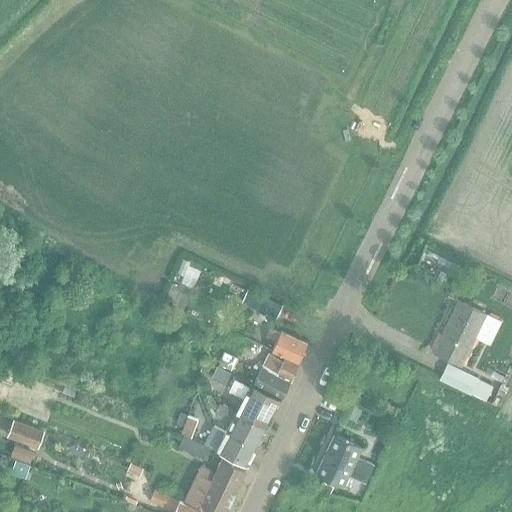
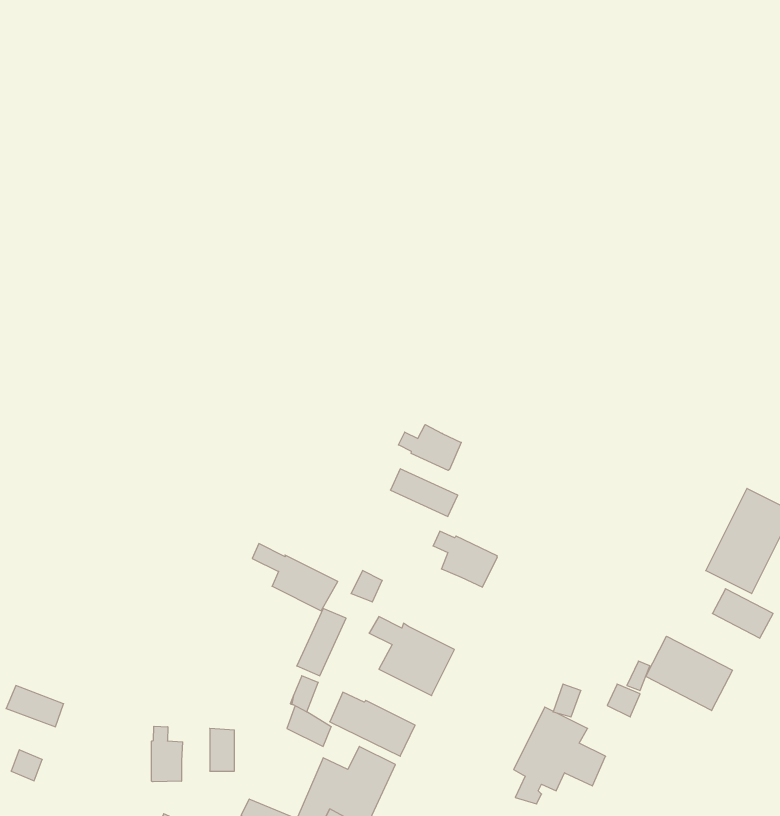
building: none -> [398,425,461,470]
building: [252,354,299,401] -> none
building: none -> [646,636,732,711]
building: [214,406,266,447] -> [252,544,338,611]
building: none -> [152,726,183,782]

